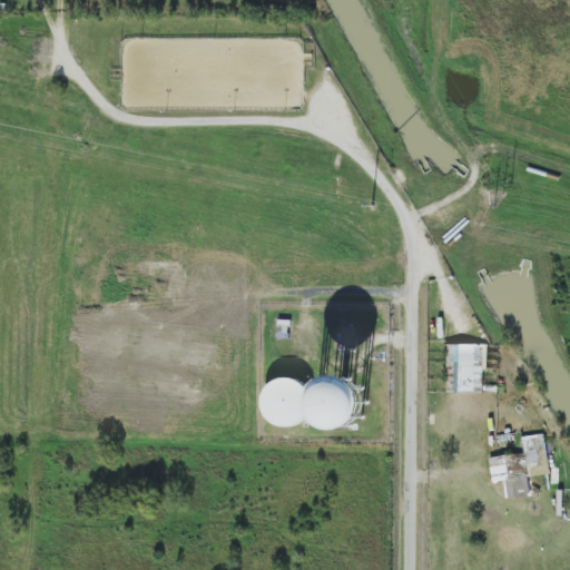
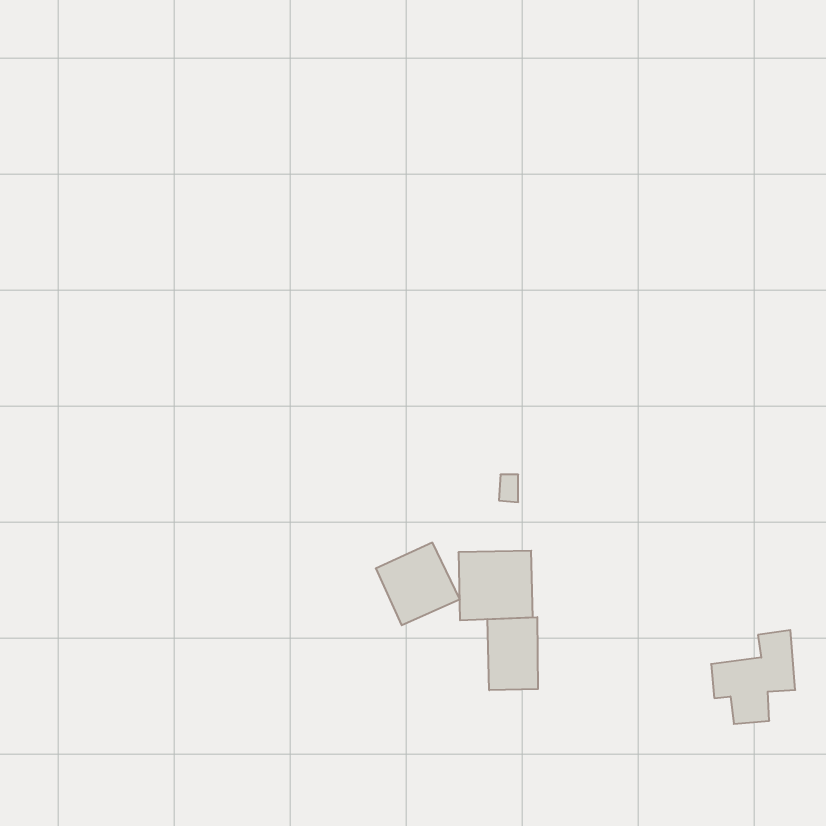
building: [446,343,484,392] -> none
building: none -> [487,617,538,690]

